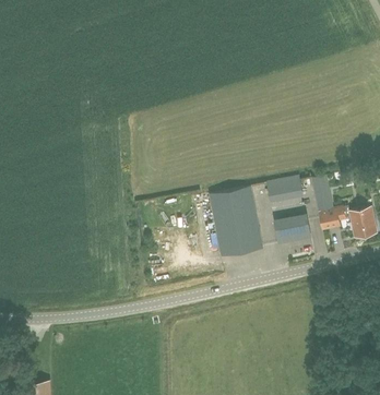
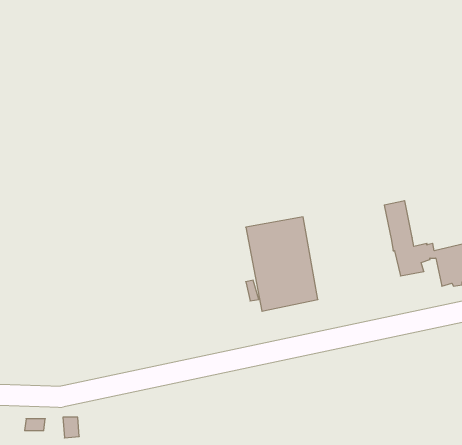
building: [265,177,302,205] -> none
building: [274,220,310,246] -> none

